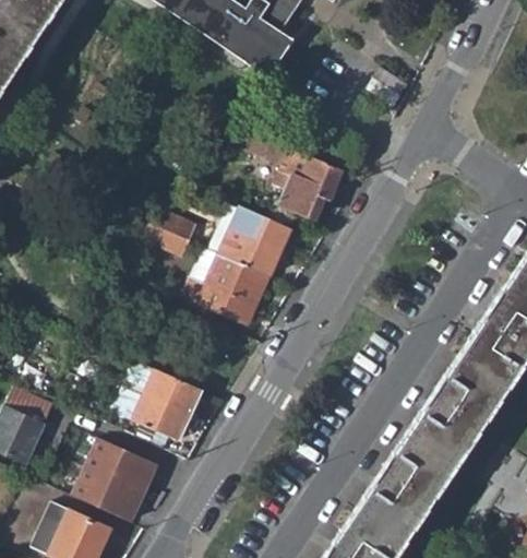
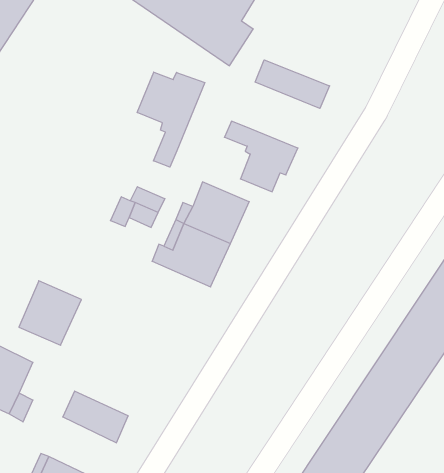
building: none -> [255,60,330,108]
building: none -> [137,72,205,167]
building: [133,368,202,439] -> [19,281,81,345]
building: [71,465,144,522] -> none

